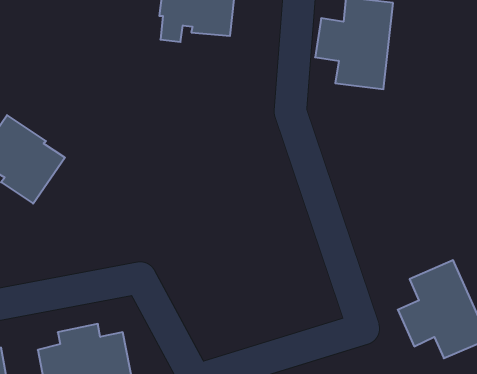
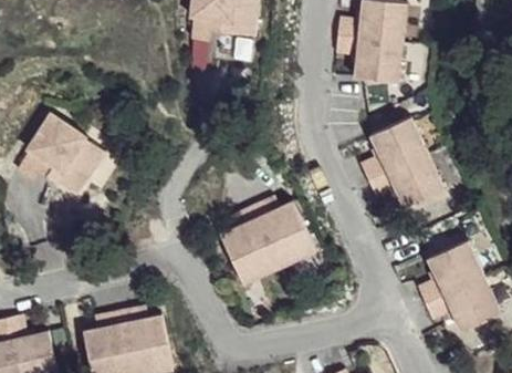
building: none -> [364,122,448,215]
building: none -> [220,203,317,288]

